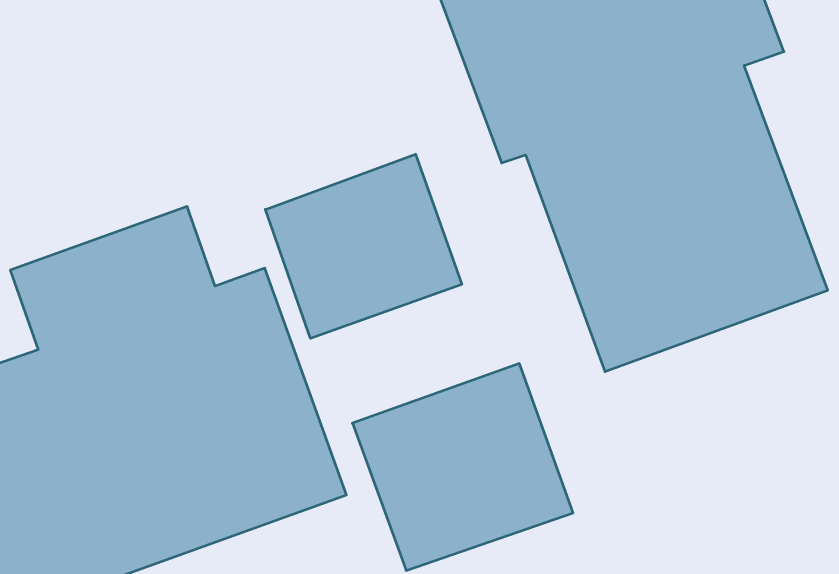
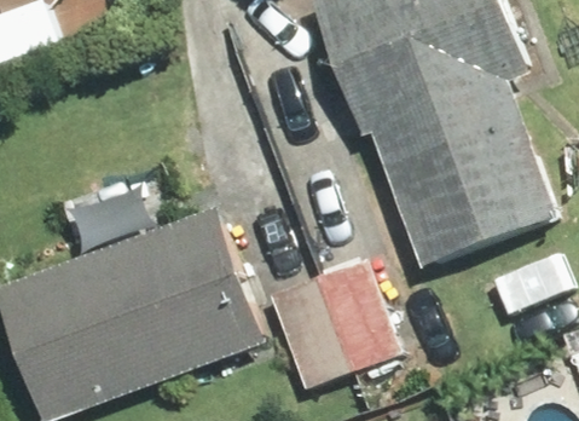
building: [265,154,462,338] -> none

